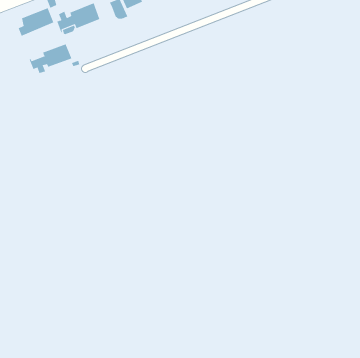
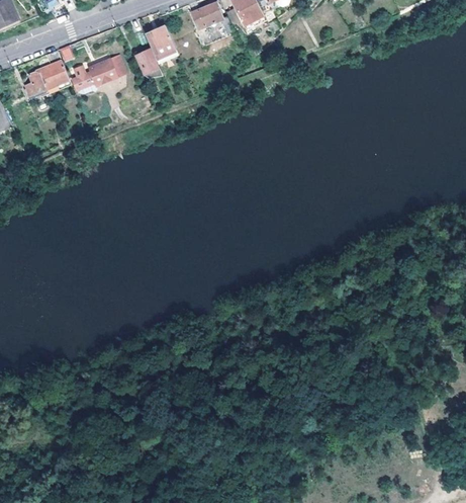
building: [29,44,72,74] -> none

